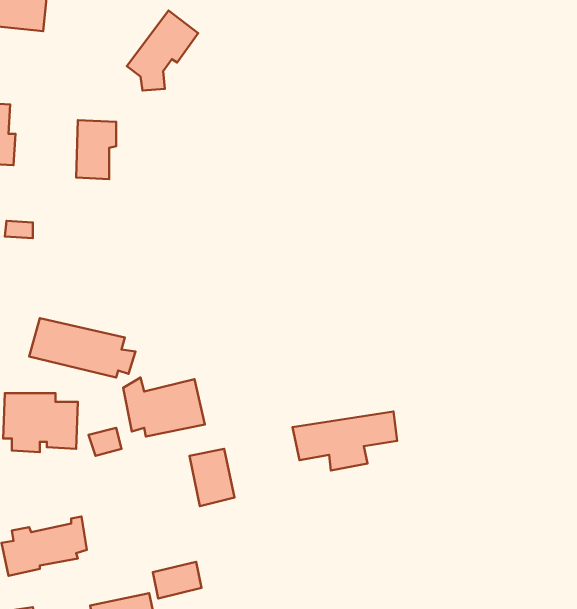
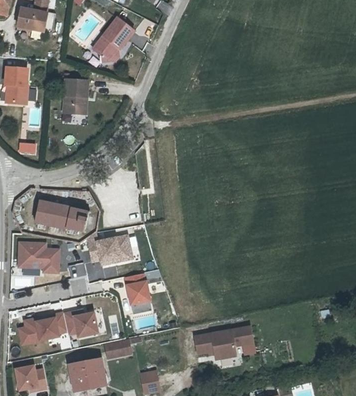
building: [293,411,397,471] -> [195,326,255,360]
building: none -> [66,308,101,338]

